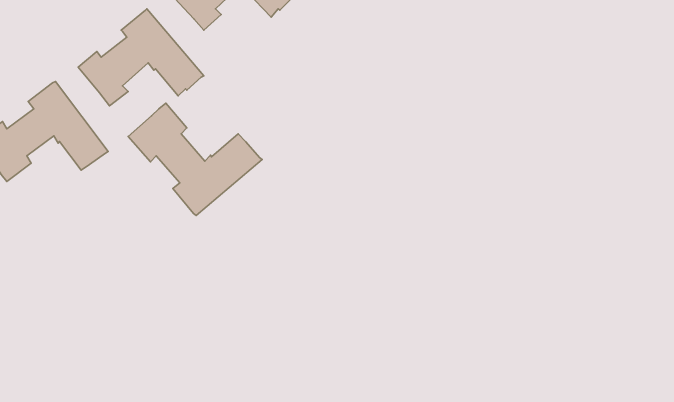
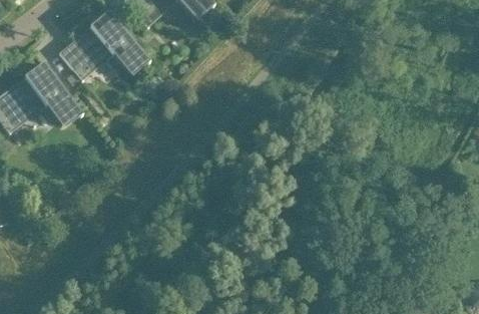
building: [128,103,262,216] -> none

